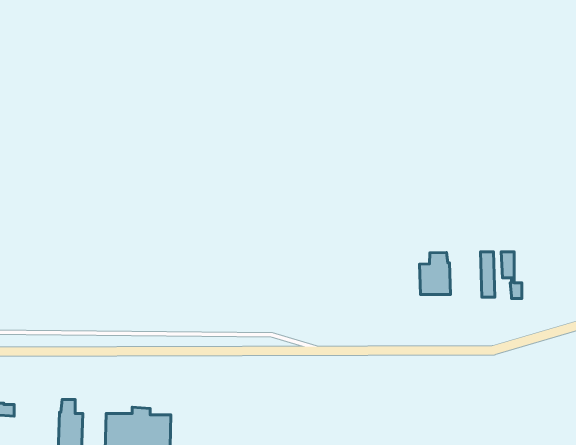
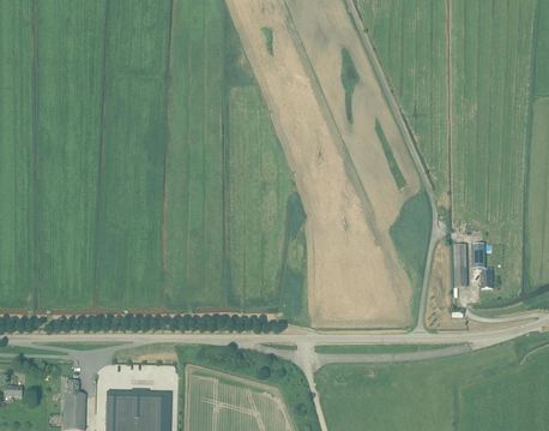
building: [419,253,450,295] -> none

